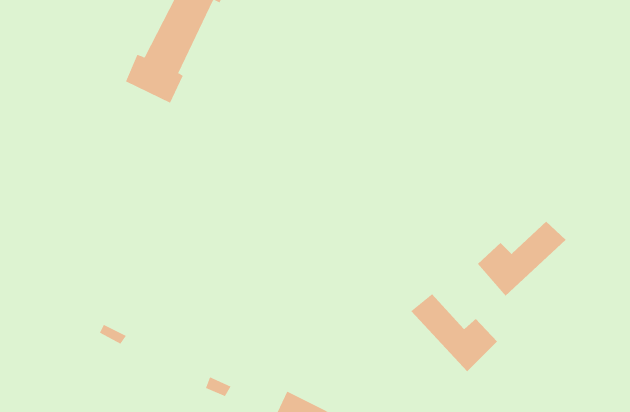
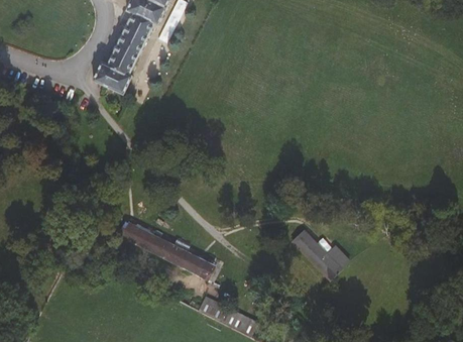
building: [477,221,567,296] -> none
building: none -> [115,218,217,280]

